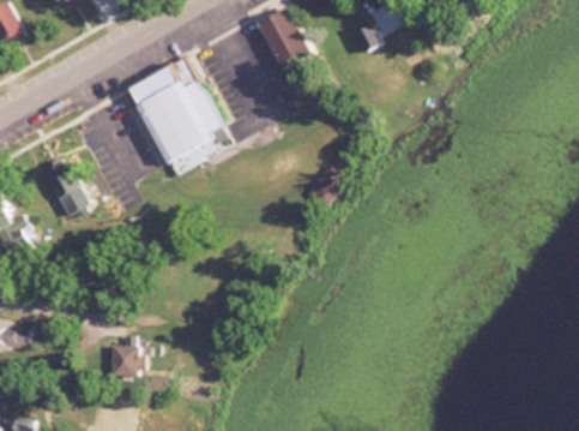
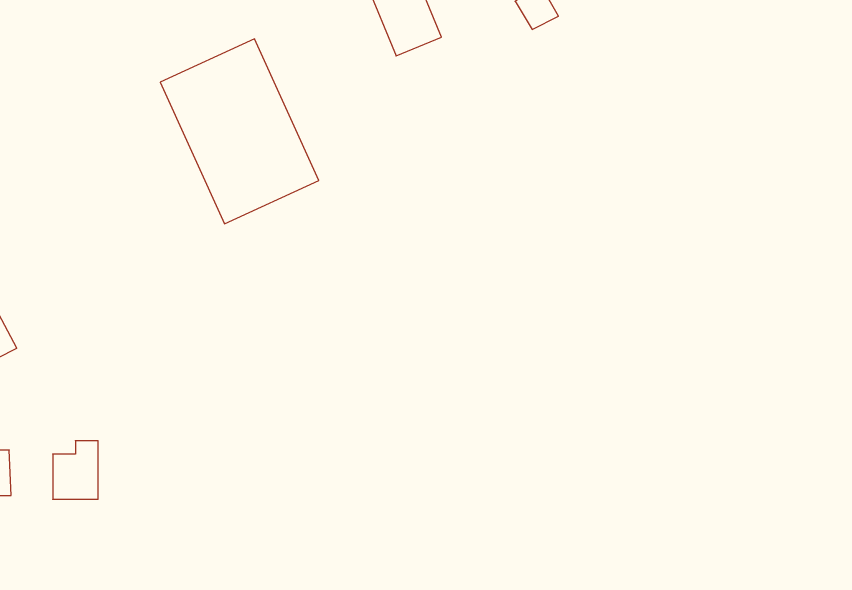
building: [44,158,89,214] -> none
building: [111,336,140,373] -> [53,441,98,499]

